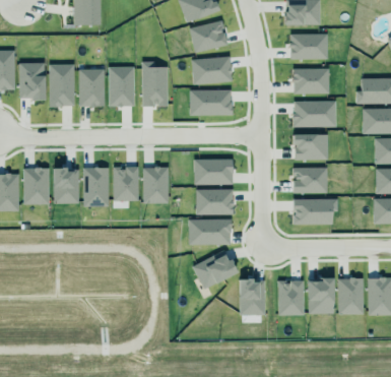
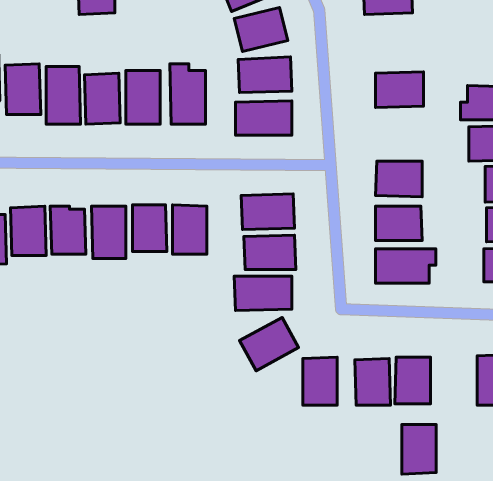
building: [290,34,328,59] -> none
building: [294,101,336,127] -> none
building: [338,278,364,315] -> [402,425,436,474]

